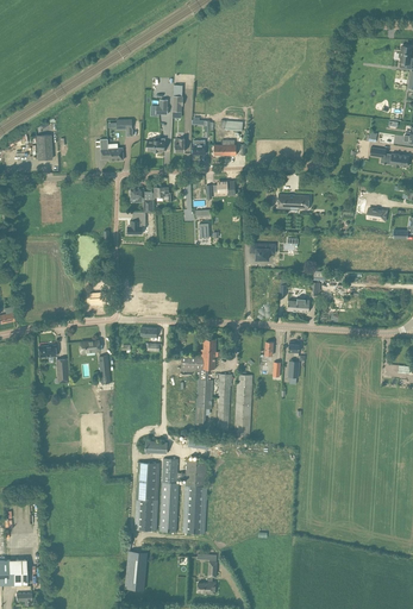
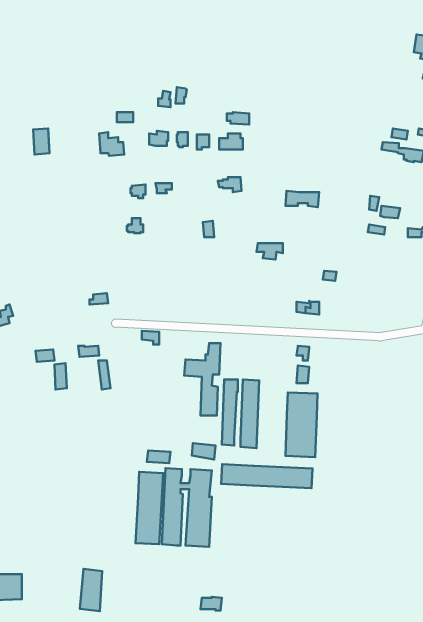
building: none -> [286,392,318,457]
building: none -> [221,464,313,488]
building: [125,550,146,590] -> [80,569,102,611]

